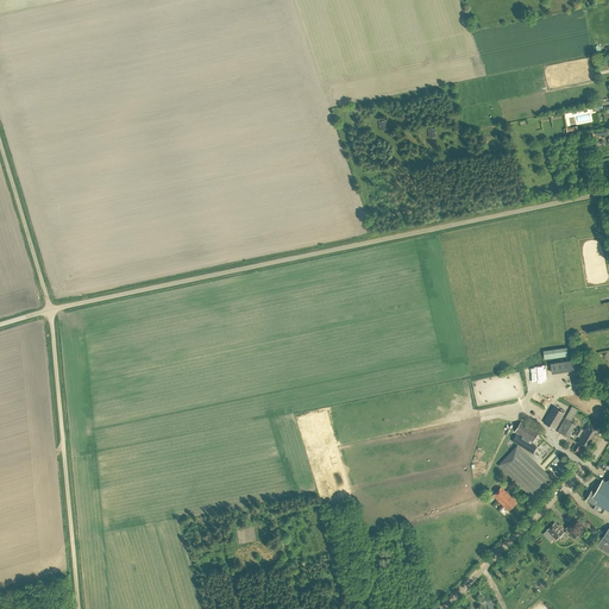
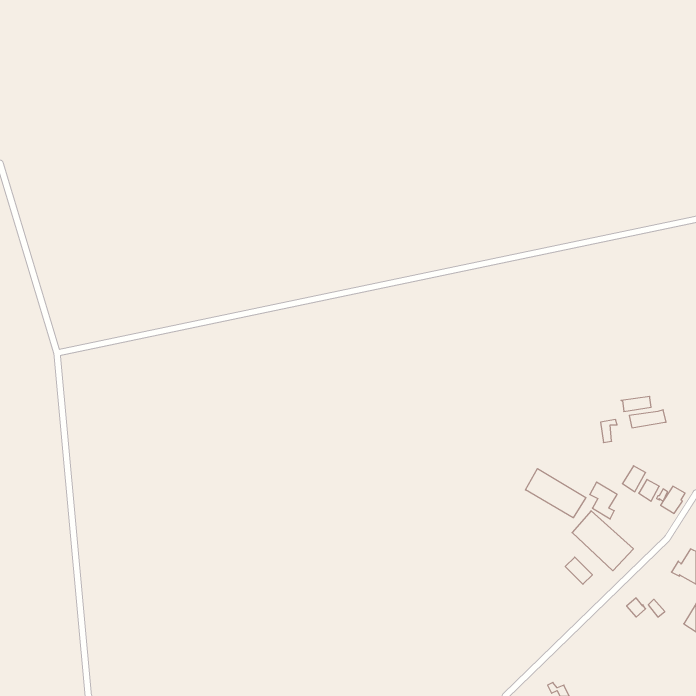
building: none -> [525,469,586,518]

